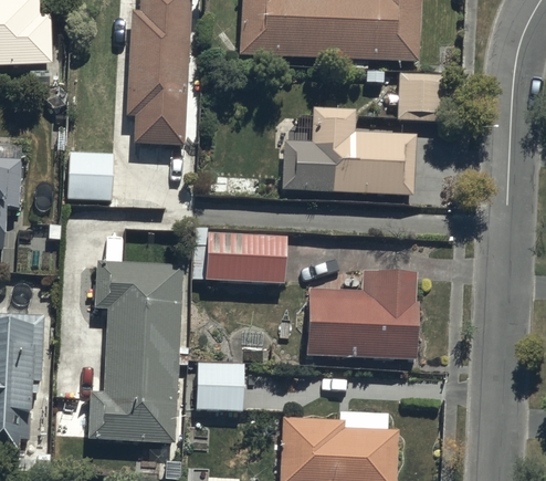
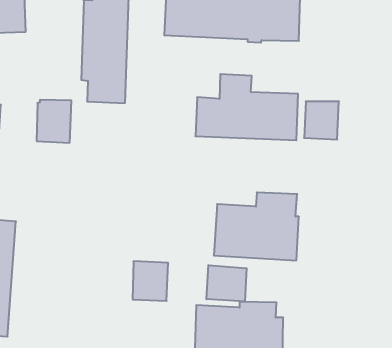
building: [397,72,443,123] -> [304,101,339,140]
building: [191,228,284,275] -> none
building: [85,263,182,445] -> none
building: none -> [206,265,247,301]

